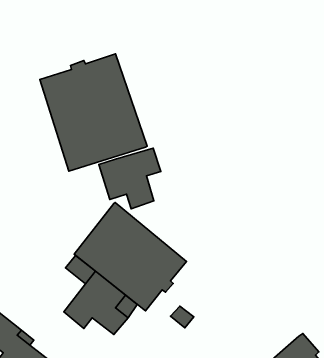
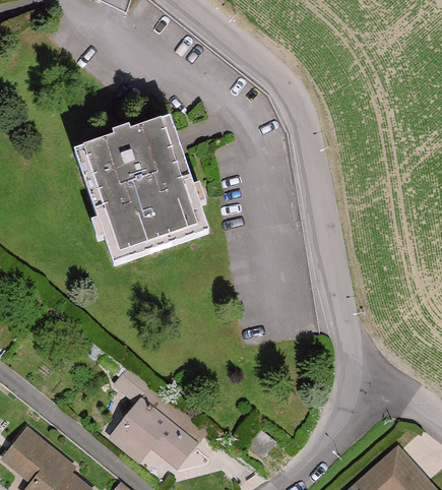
building: [99,148,161,209] -> none
building: [74,203,187,311] -> none

